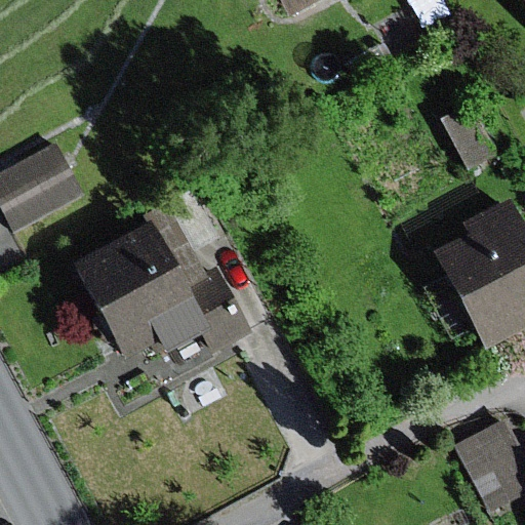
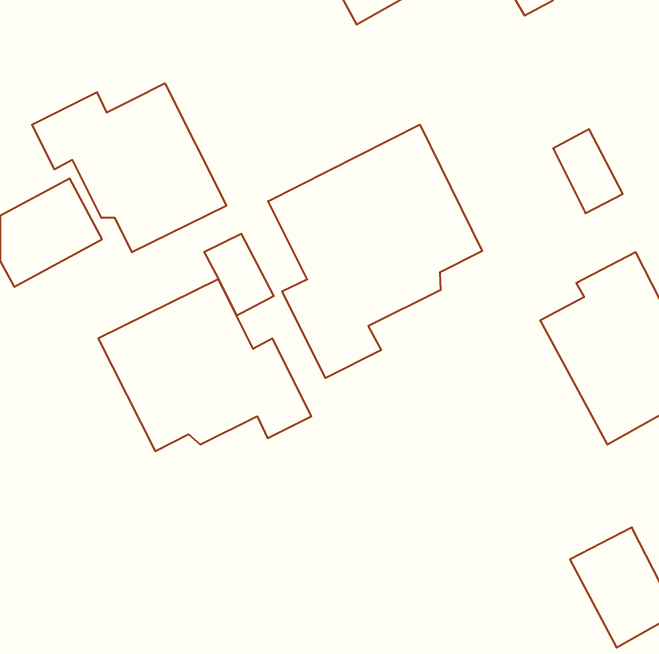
building: none -> [32,83,226,252]
building: none -> [268,125,482,378]

